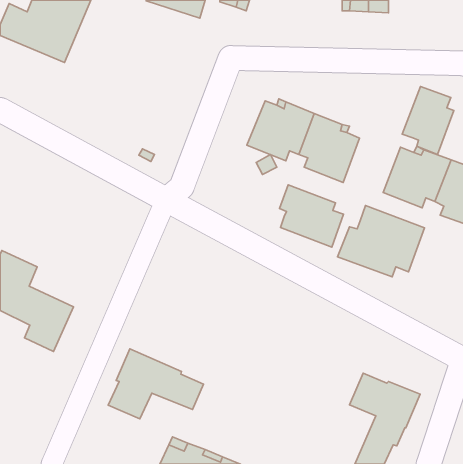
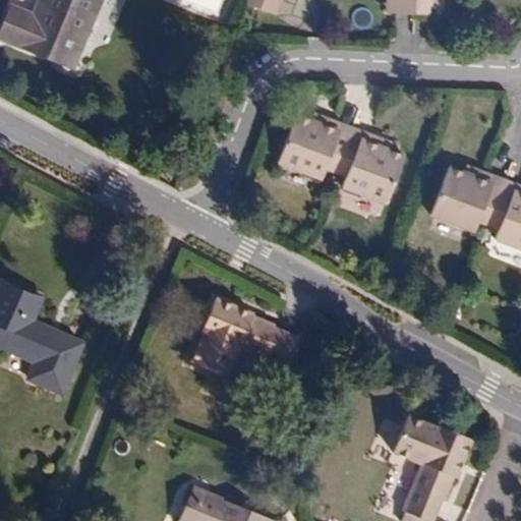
building: [402,87,454,154] -> none
building: [280,185,343,247] -> none
building: [338,206,425,277] -> none
building: [108,349,203,419] -> [191,299,298,378]

